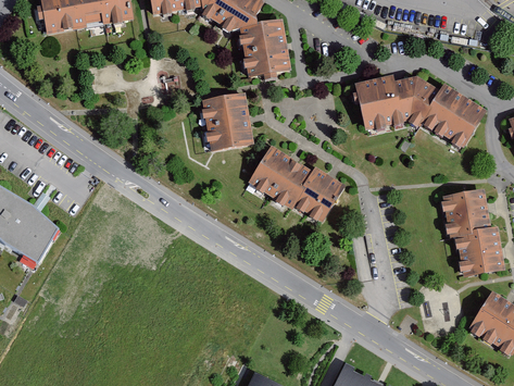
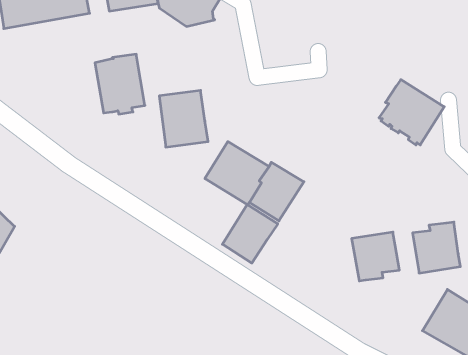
building: [239,18,289,78] -> [95,54,145,114]
building: [352,73,439,132] -> none
building: [441,188,489,237] -> [352,232,399,281]
building: none -> [222,205,278,263]

